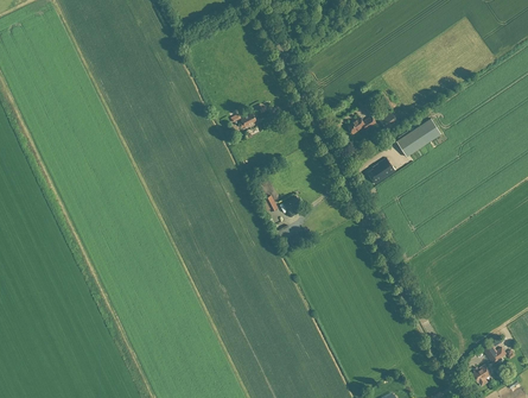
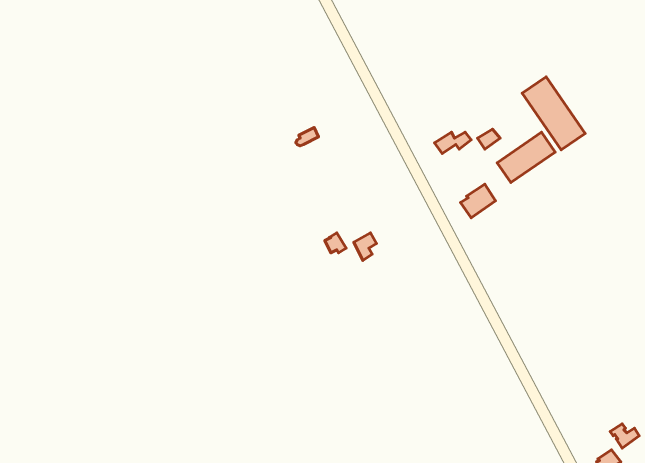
building: none -> [522,77,585,150]

